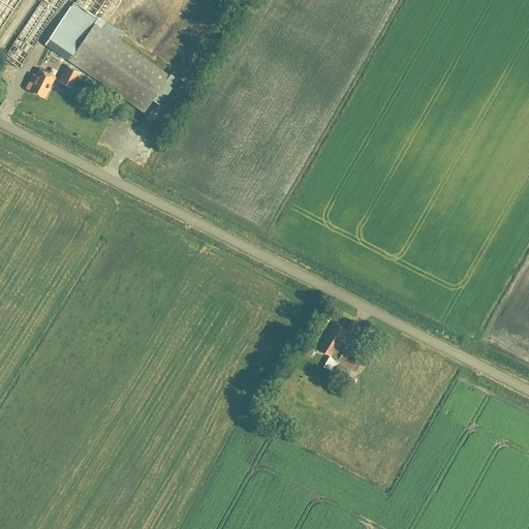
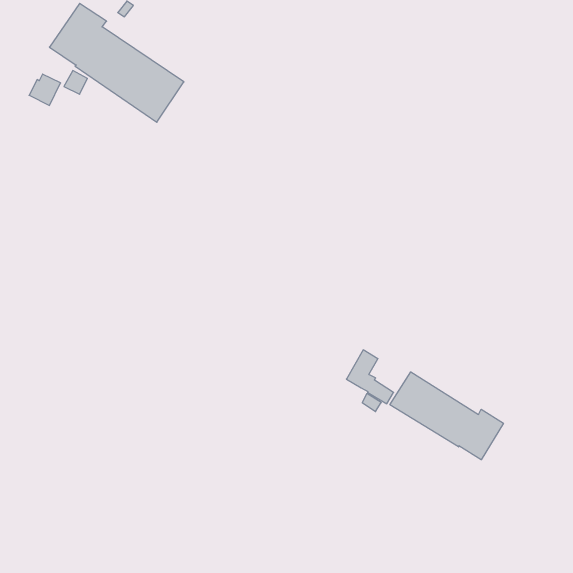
building: none -> [390,372,503,460]

